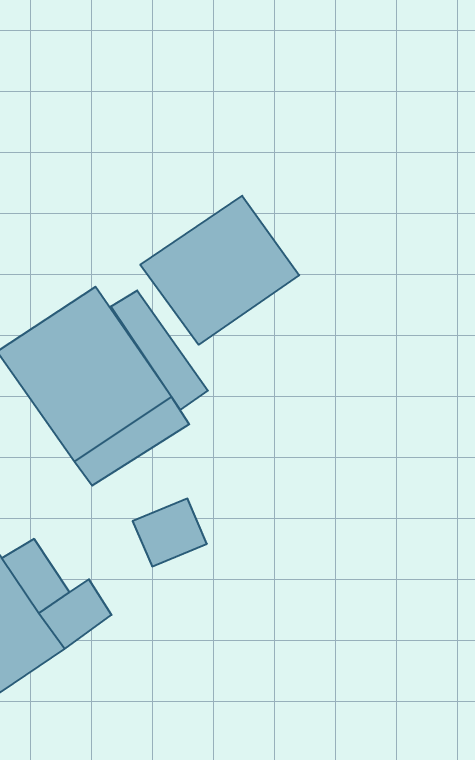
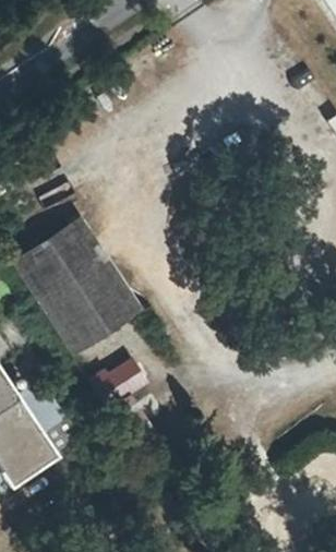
building: [140,196,299,345] -> none
building: [111,290,208,410] -> none

